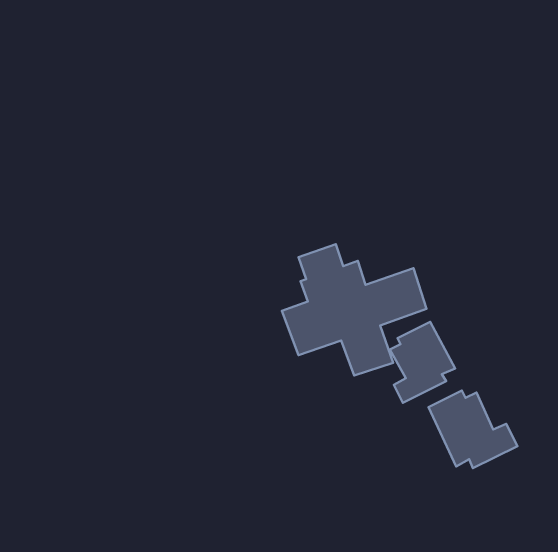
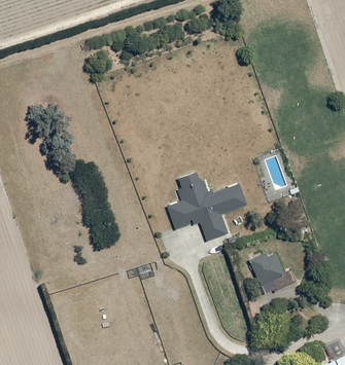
building: [390,322,455,403] -> none

